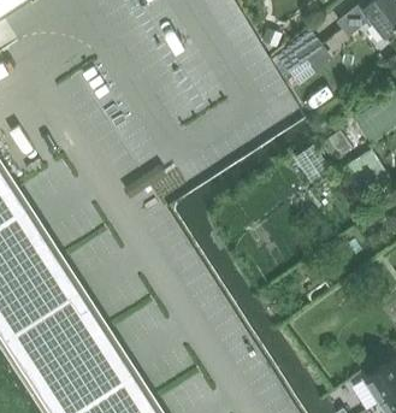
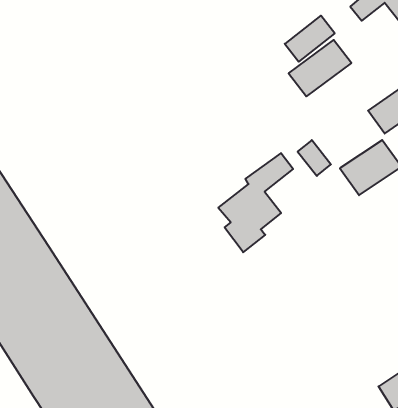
building: none -> [218,153,293,252]

